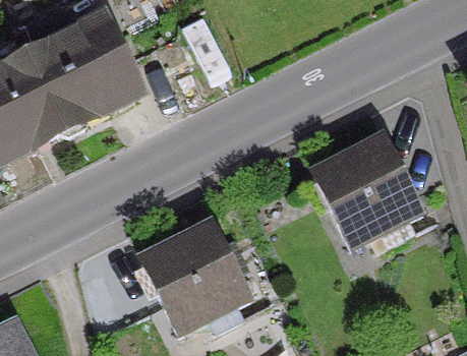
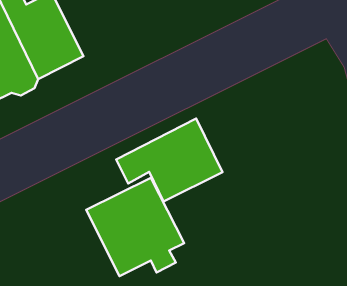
building: [313,134,421,244] -> none
building: none -> [116,119,222,202]

